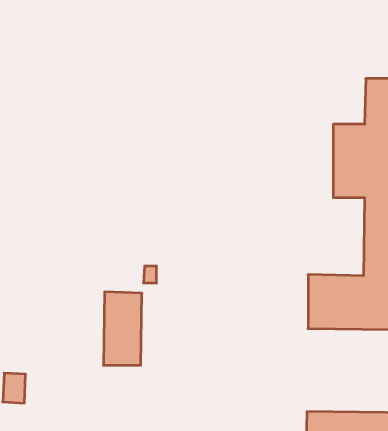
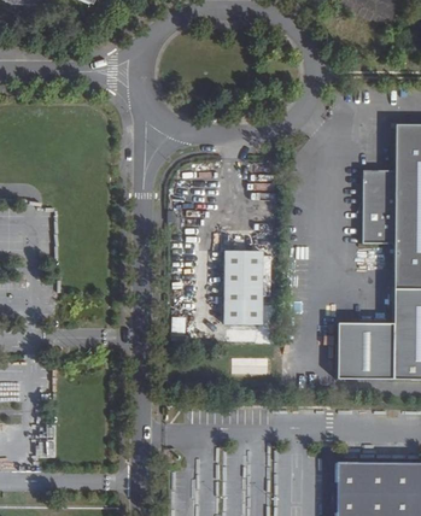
building: [103,292,142,365] -> [223,250,262,323]

